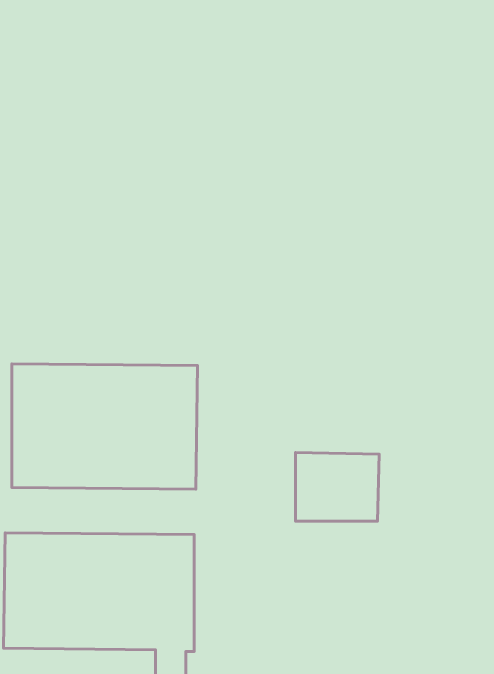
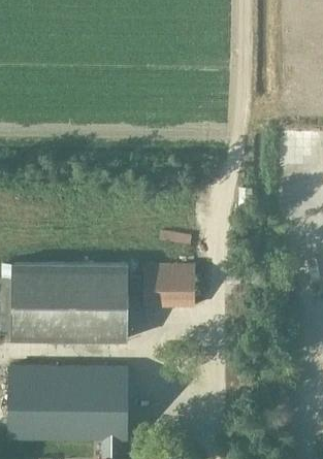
building: [296,452,379,521] -> [142,265,194,307]

